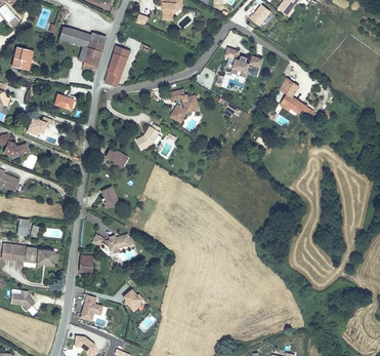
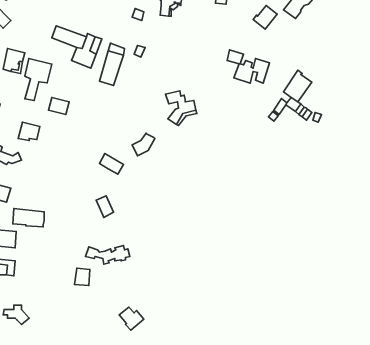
building: none -> [25,58,52,101]
building: [23,248,52,266] -> [13,209,44,227]
building: [79,294,102,322] -> none

